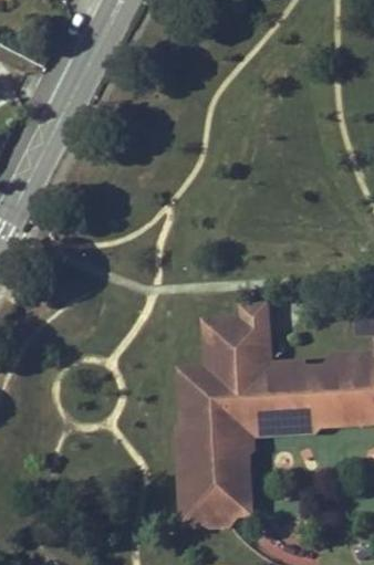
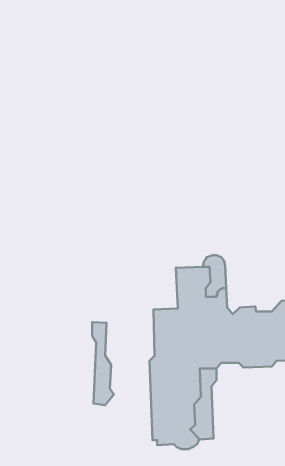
building: none -> [92,322,114,405]

